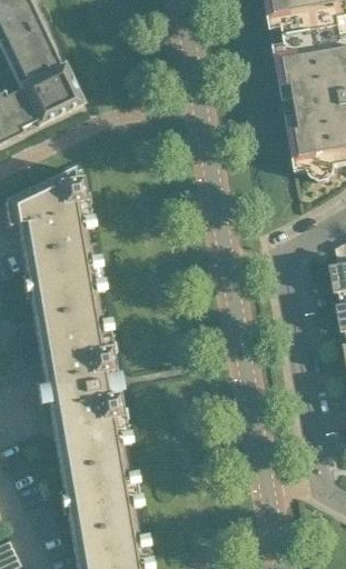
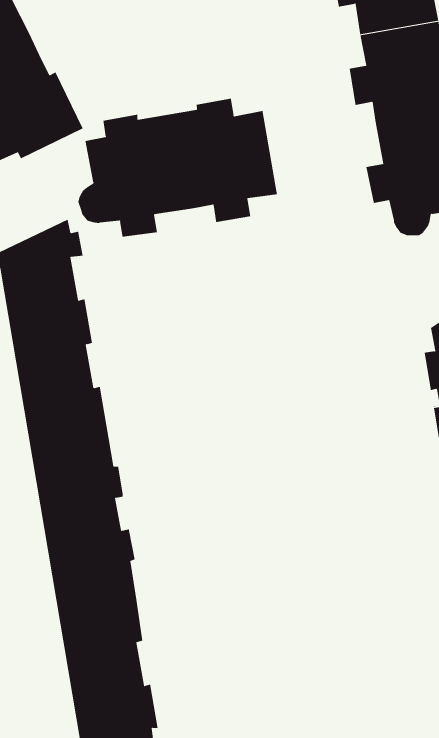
building: none -> [78,98,277,238]

